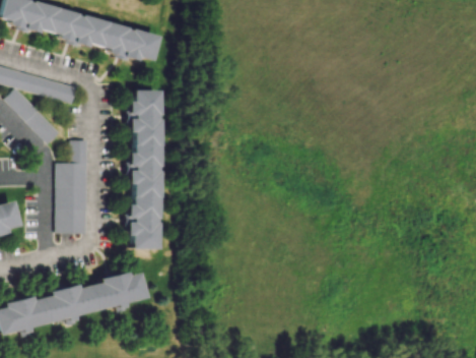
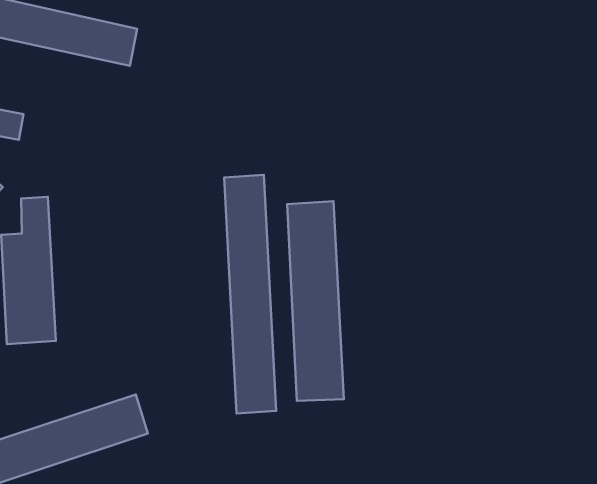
building: [130,97,157,248] -> [224,175,276,413]
building: none -> [287,201,344,401]

